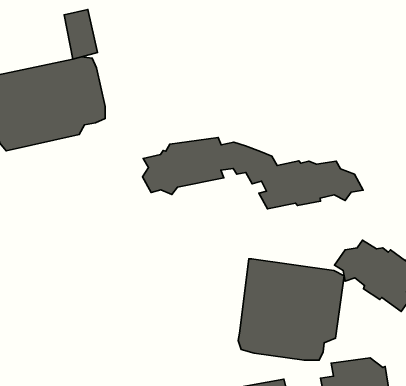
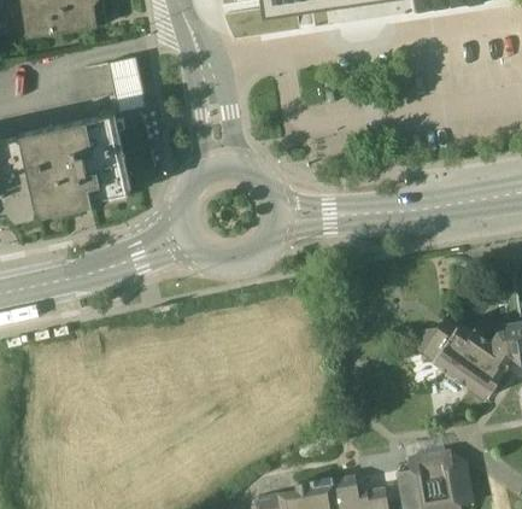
building: [142,137,363,209] -> none
building: [238,259,344,360] -> none

